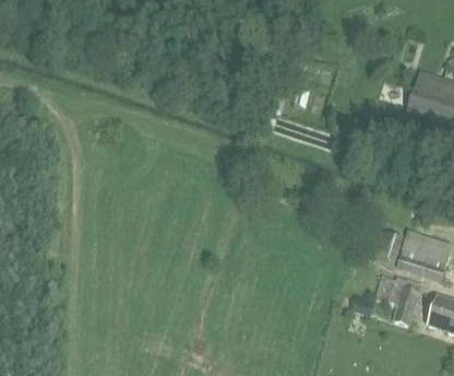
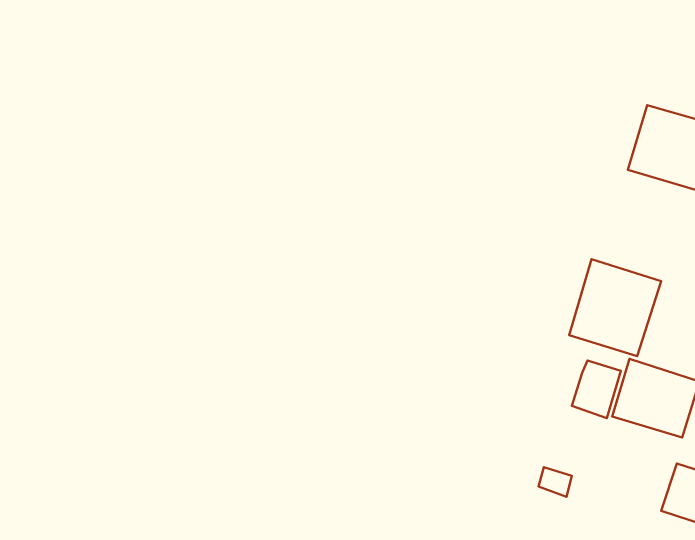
building: none -> [569,259,661,356]
building: [378,275,421,325] -> none

